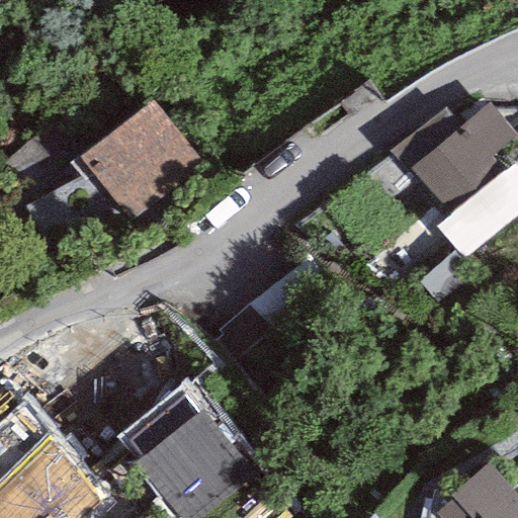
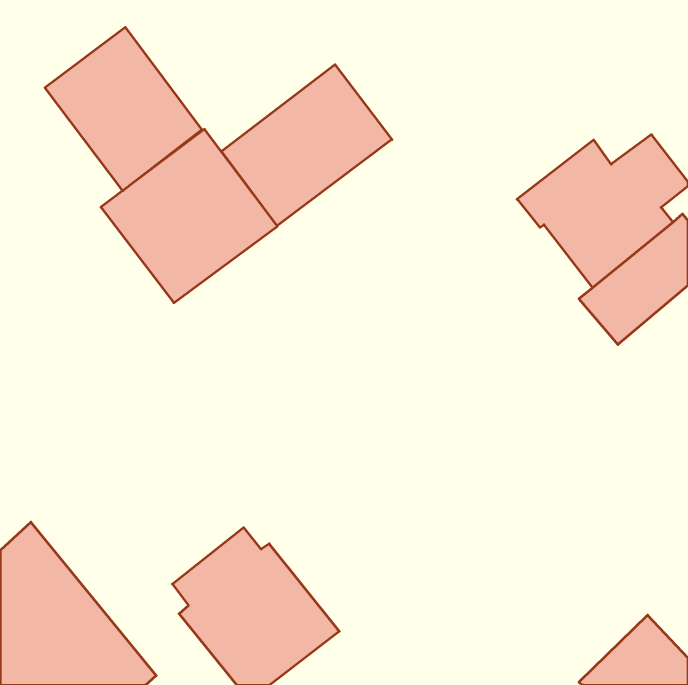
building: none -> [45,27,202,191]
building: none -> [222,65,392,226]

